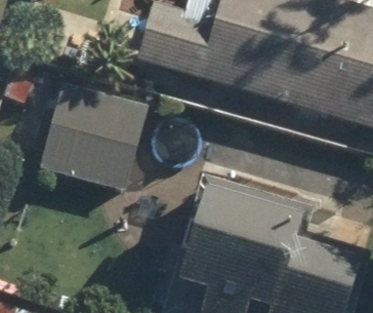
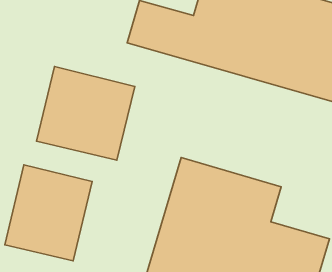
building: none -> [5,165,92,261]

